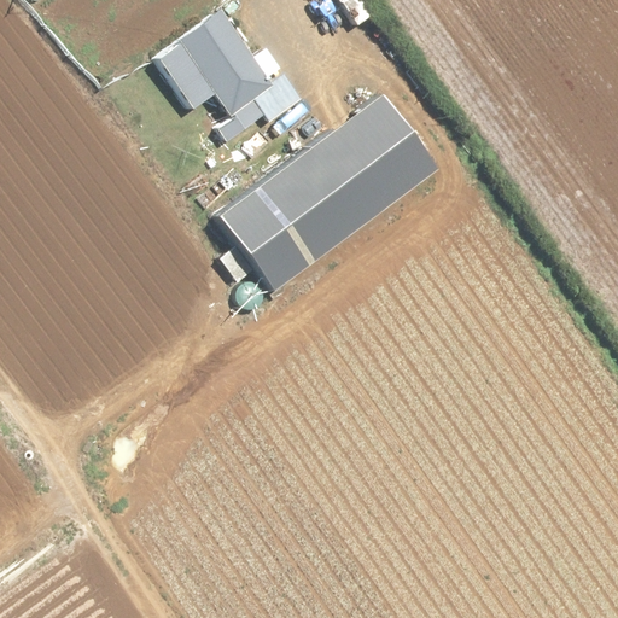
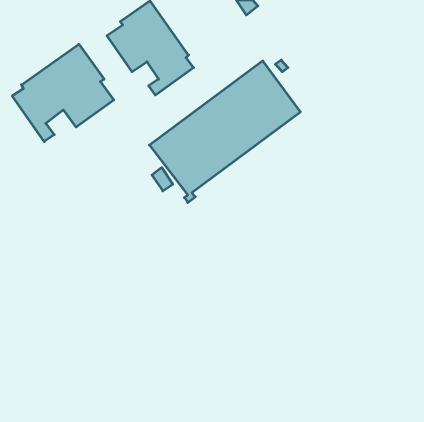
building: none -> [12,44,114,142]

